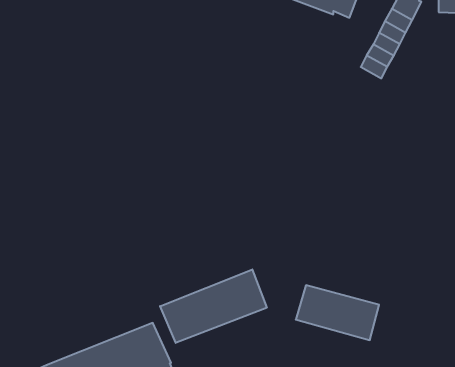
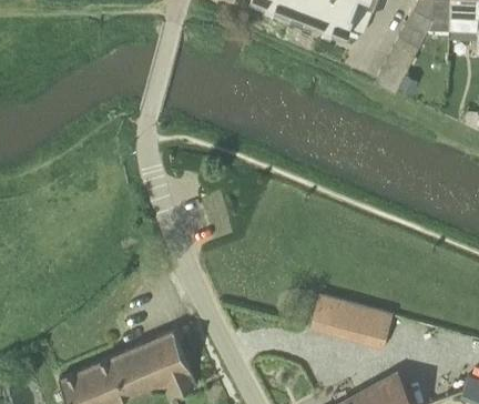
building: [160,269,267,343] -> none

